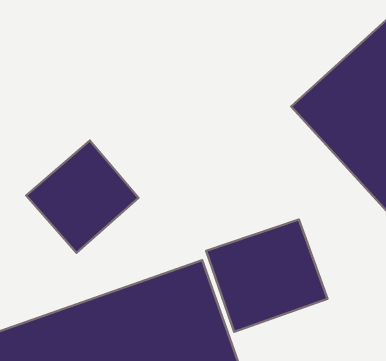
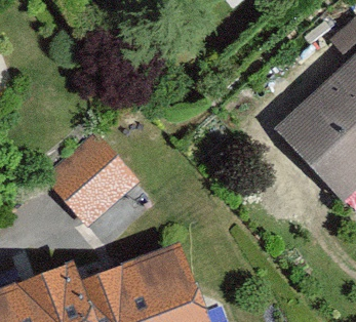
building: [206,219,328,332] -> none

